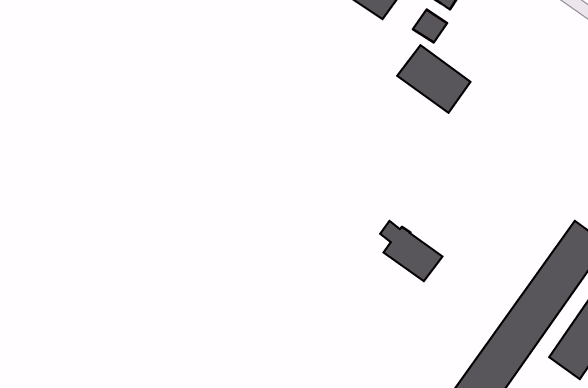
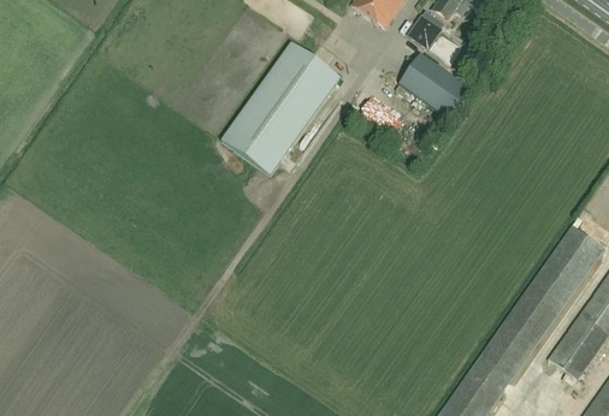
building: none -> [223,42,342,174]
building: [380,221,443,281] -> none

